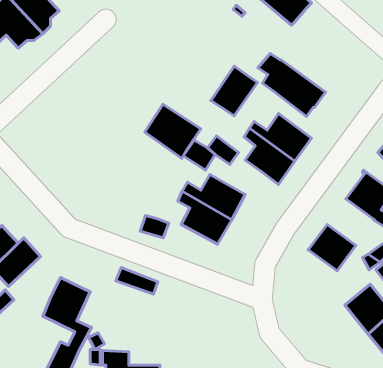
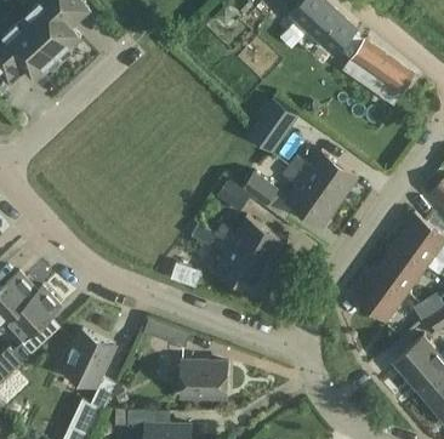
building: [258,53,325,116] -> [338,34,412,103]
building: [145,104,201,158] -> none
building: none -> [374,244,426,295]
building: none -> [180,363,227,398]

